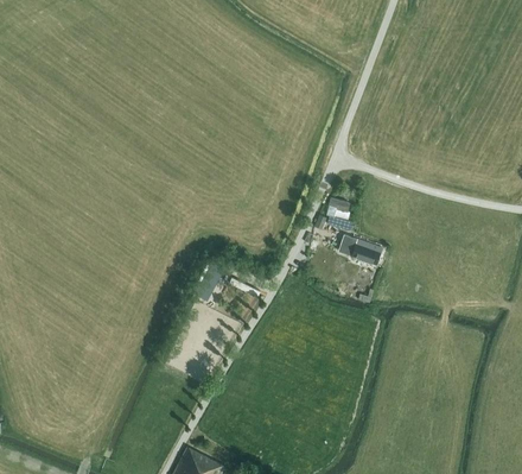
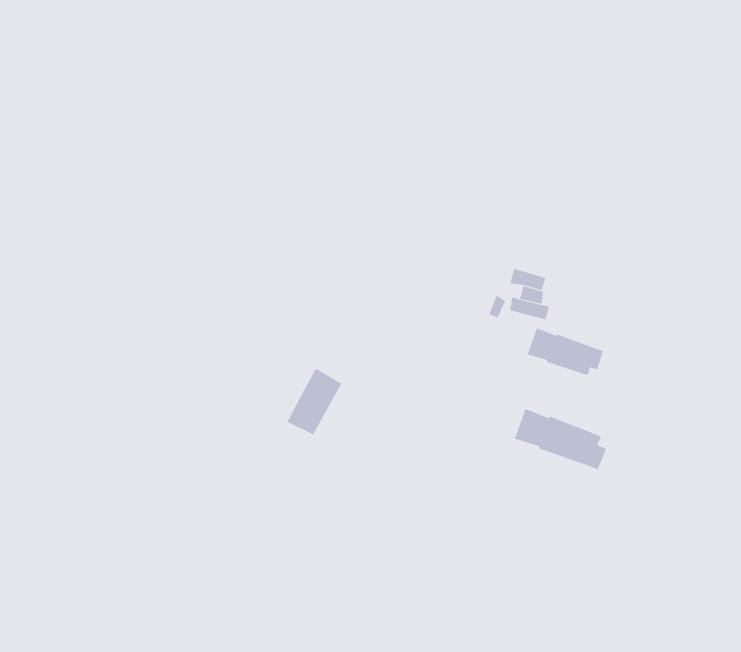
building: none -> [514,408,607,470]

